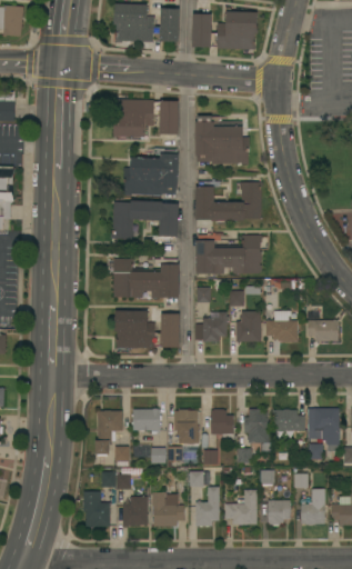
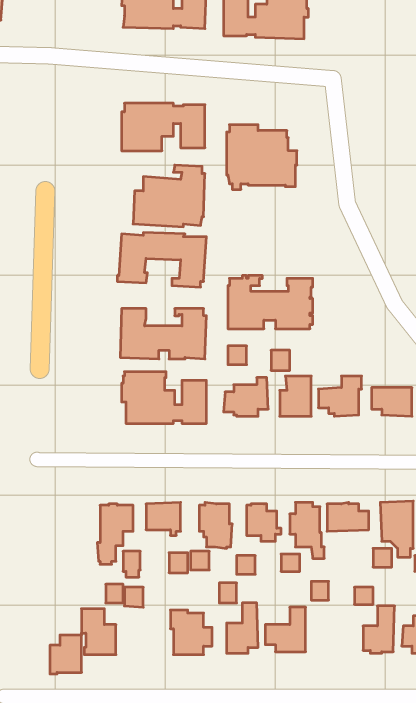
building: [194,181,262,221] -> none
building: [122,497,147,527] -> [50,635,82,674]
building: [268,500,290,526] -> none

